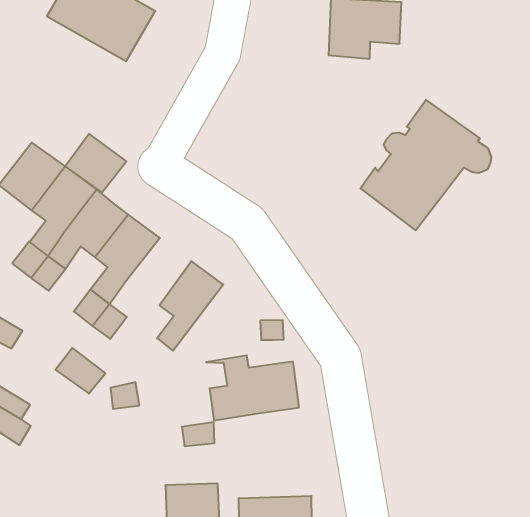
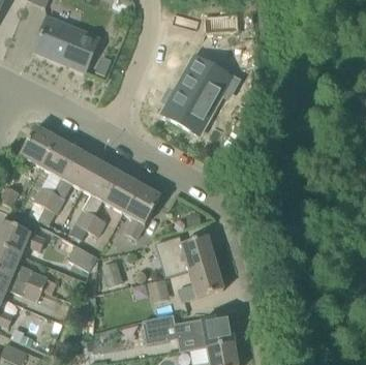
building: [360,100,491,230] -> [162,56,238,134]
building: [65,134,126,192] -> none
building: none -> [102,173,140,213]
building: none -> [178,263,223,302]

